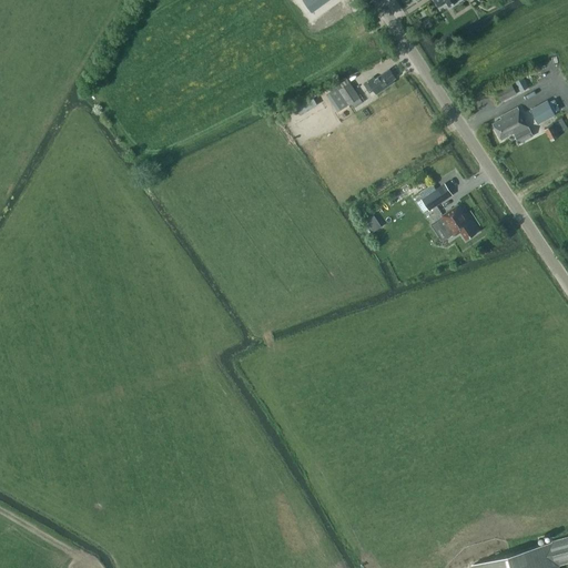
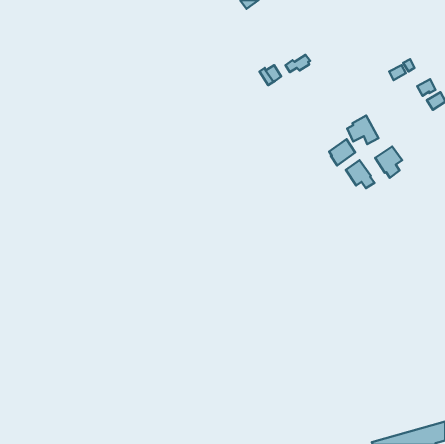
building: [493,108,532,144] -> [347,115,379,144]
building: none -> [375,146,402,178]

